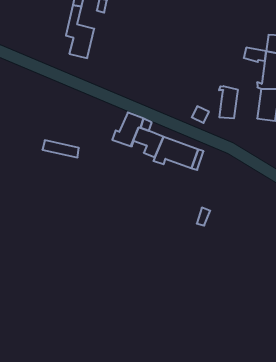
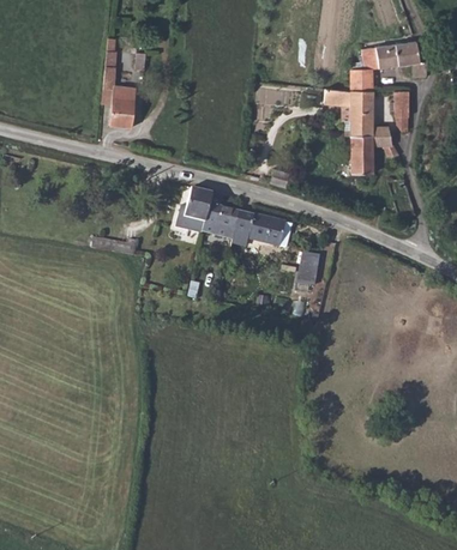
building: [219,86,238,118] -> none
building: none -> [297,252,320,289]

